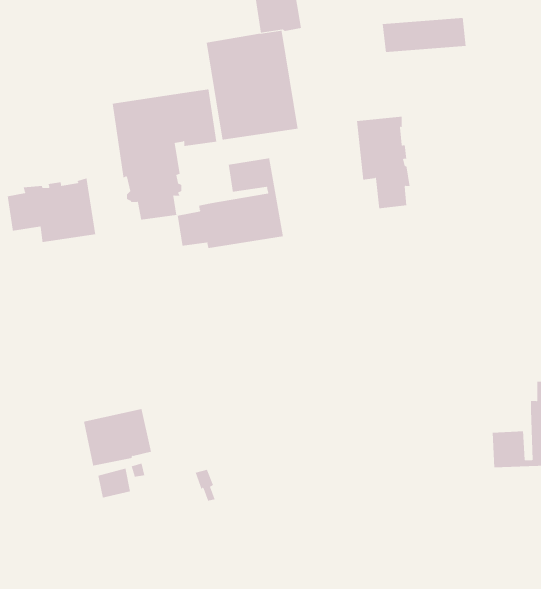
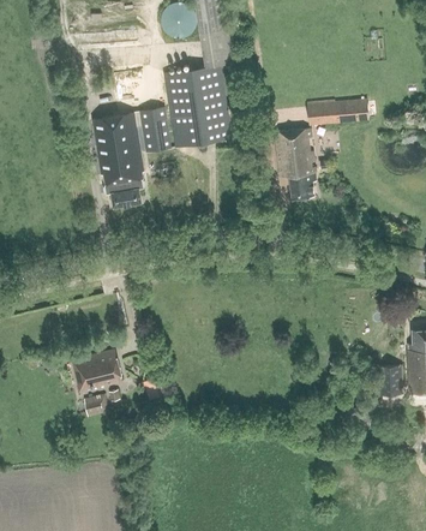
building: [382,17,467,53] -> [306,99,370,125]
building: [177,157,283,249] -> none
building: [7,178,96,243] -> none

